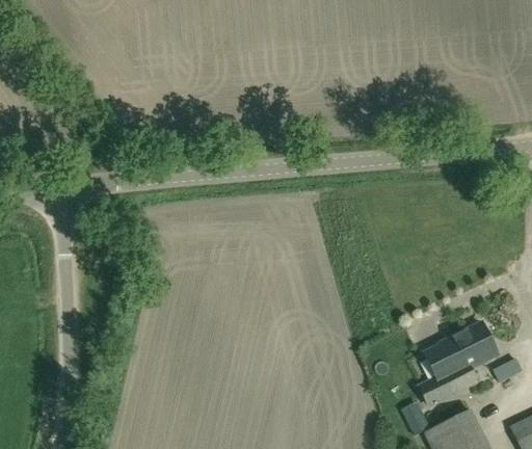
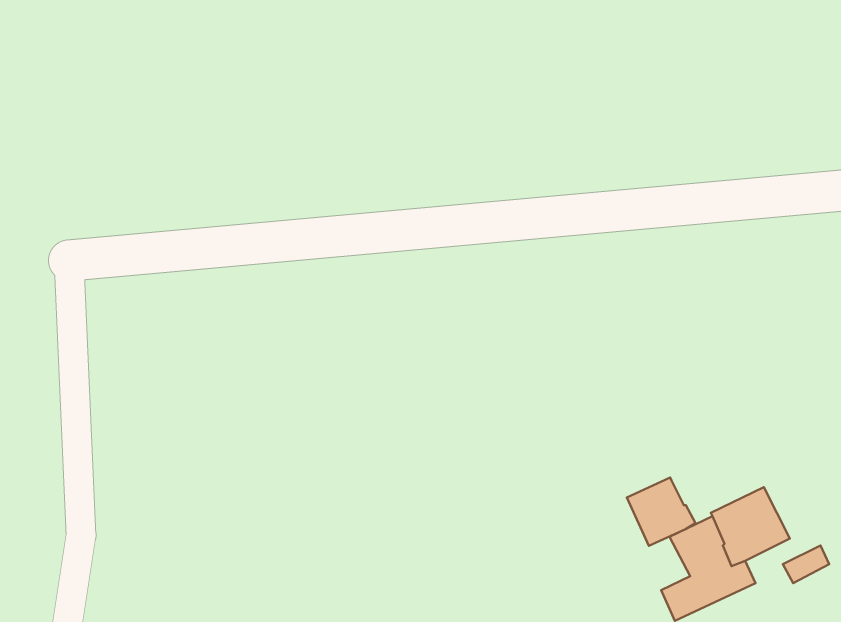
building: none -> [627,477,696,546]

